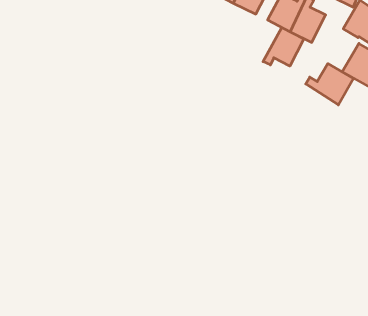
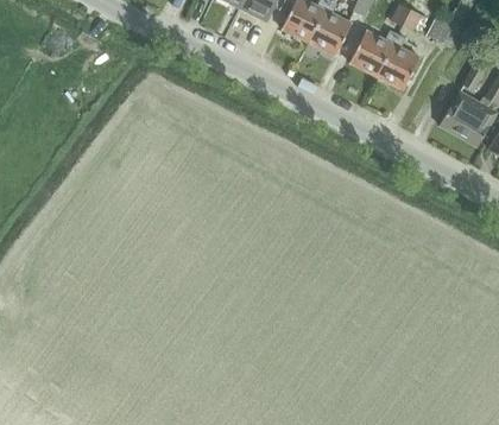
building: [263,27,304,66] -> none
building: [306,64,354,105] -> none

